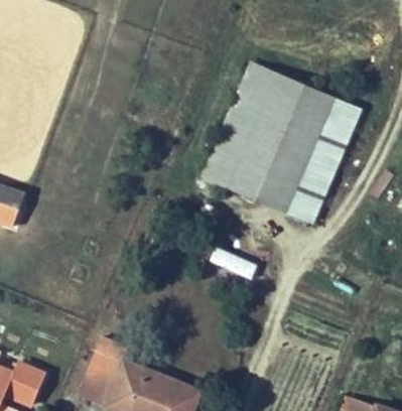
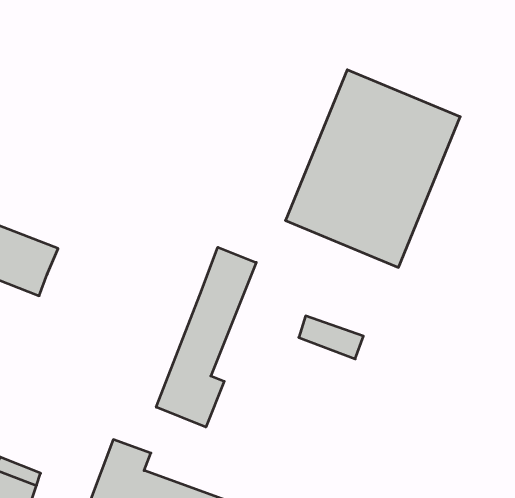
building: none -> [156,247,256,427]

